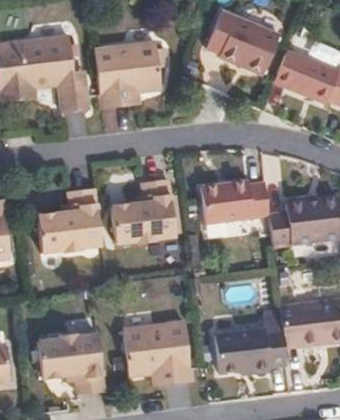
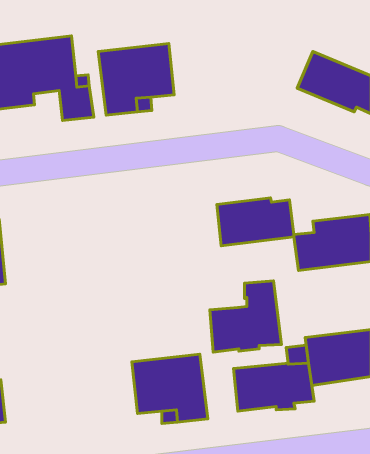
building: [205,10,279,76] -> none
building: [112,179,176,243] -> [210,281,281,352]
building: [37,188,102,251] -> none
building: [38,333,105,393] -> none

